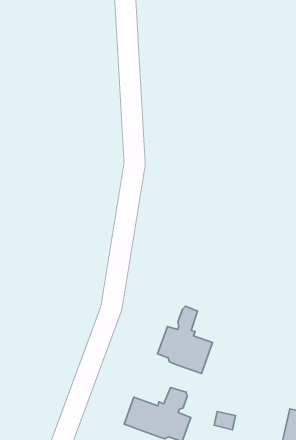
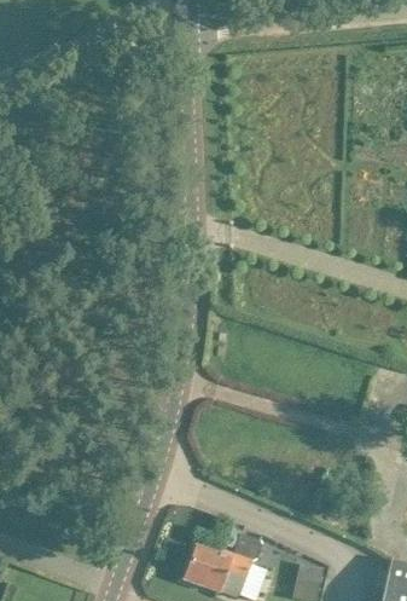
building: [158,306,213,373] -> none

